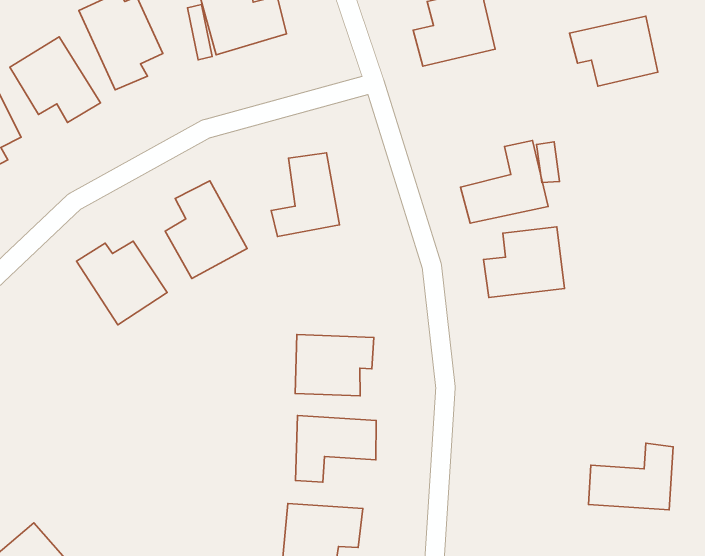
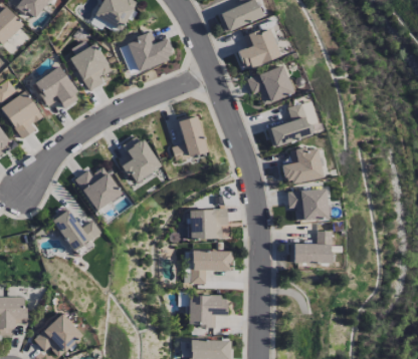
building: [570,16,658,86] -> [247,66,293,103]
building: none -> [287,188,330,222]
building: none -> [50,207,100,252]
building: [588,443,673,510] -> [290,231,332,264]

